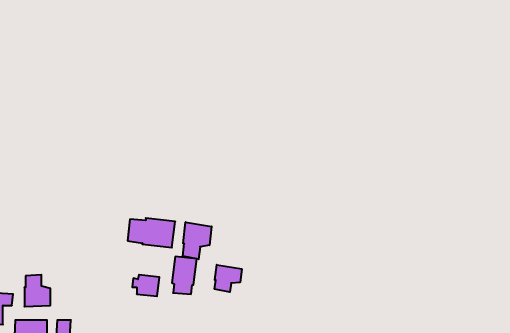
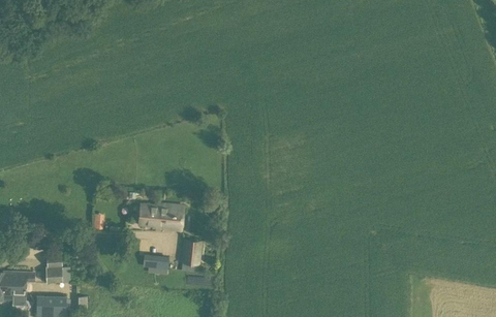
building: [183,222,212,259] -> none
building: [215,265,242,292] -> none

